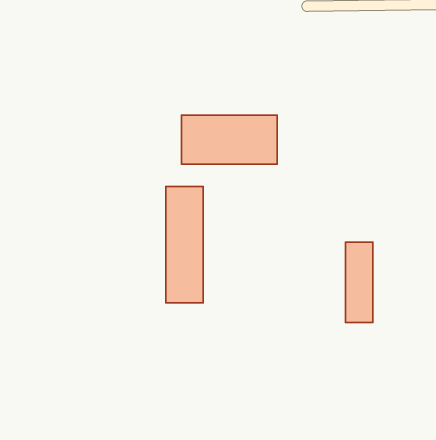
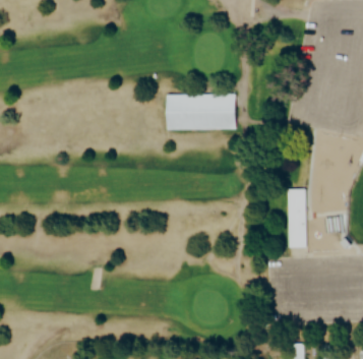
building: [166,187,203,303] -> none

